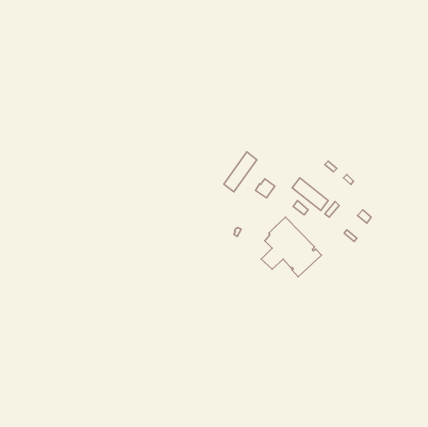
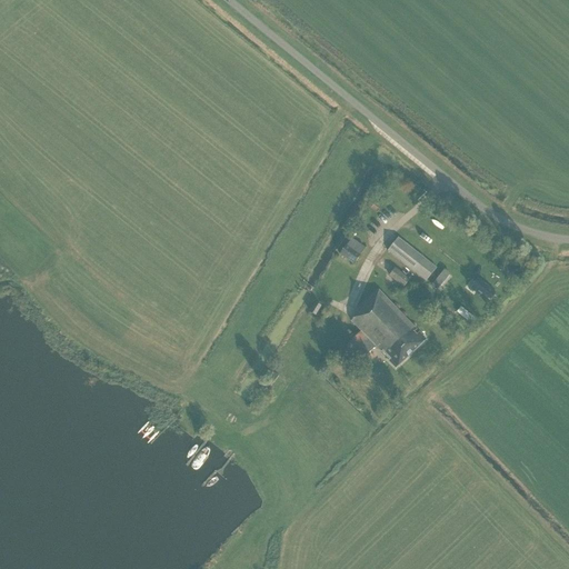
building: [224,152,257,192] -> none

